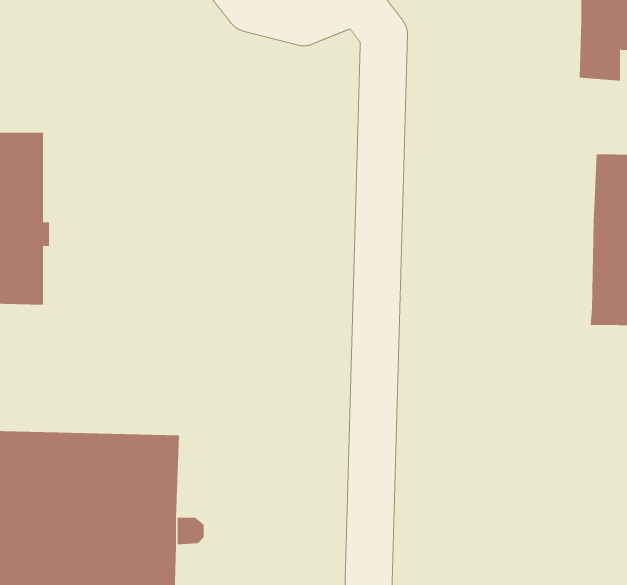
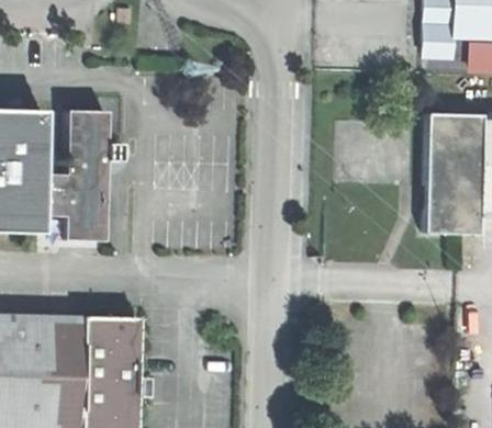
building: none -> [40,101,116,230]

